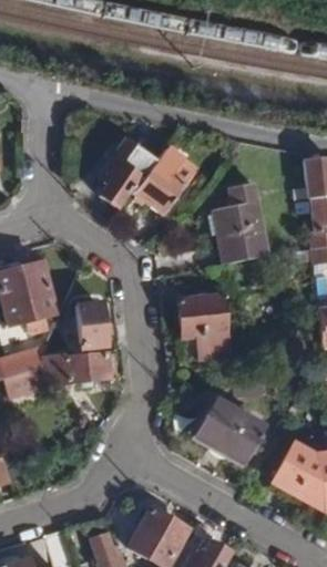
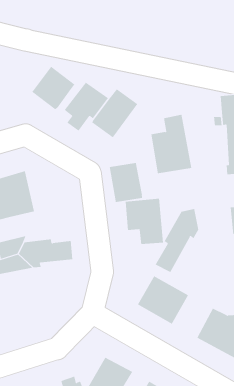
building: none -> [31,66,75,110]
building: none -> [109,162,142,203]
building: [76,301,105,347] -> none
building: none -> [155,208,199,273]

